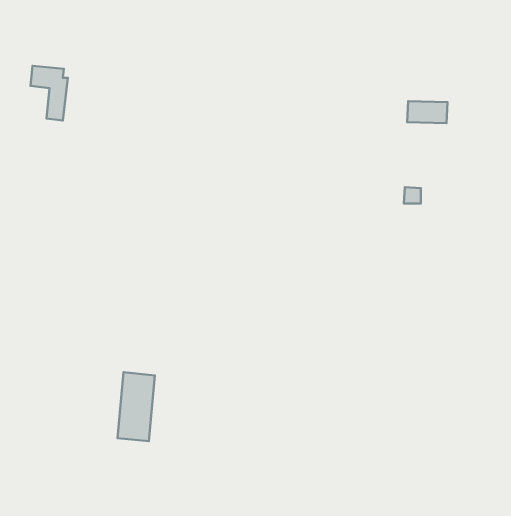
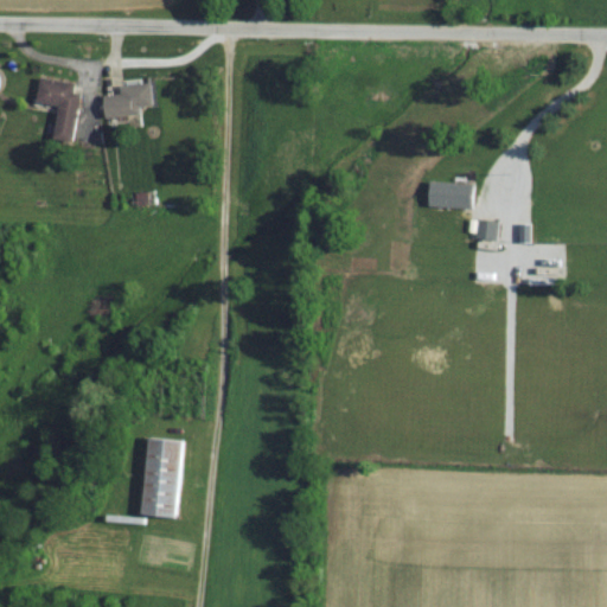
building: none -> [103,85,154,117]
building: [407,101,448,123] -> [424,183,472,209]

